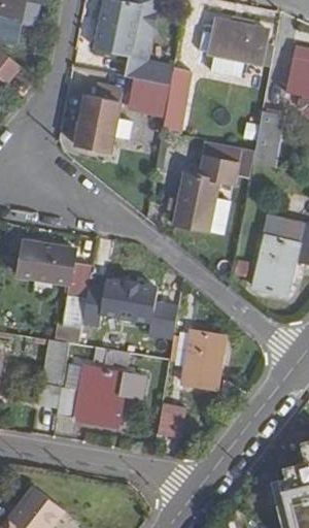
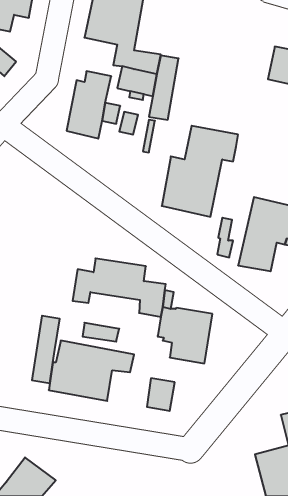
building: [208,20,273,75] -> none
building: [251,110,283,167] -> none
building: [16,241,91,327] -> none

